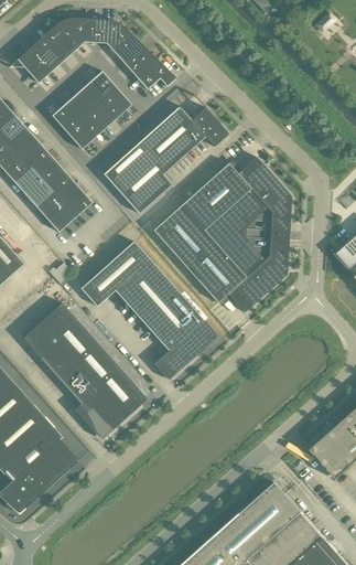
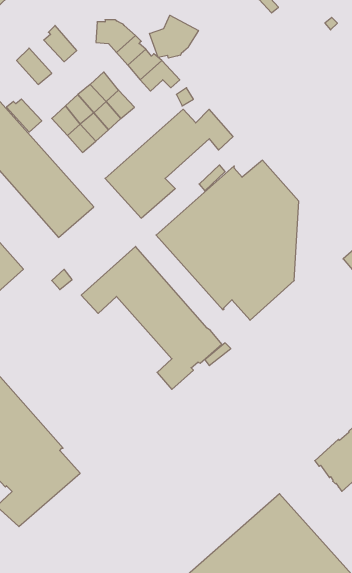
building: none -> [150,15,198,58]
building: [55,18,96,50] -> none
building: [30,40,64,72] -> [7,99,42,132]
building: [22,302,148,439] -> none

